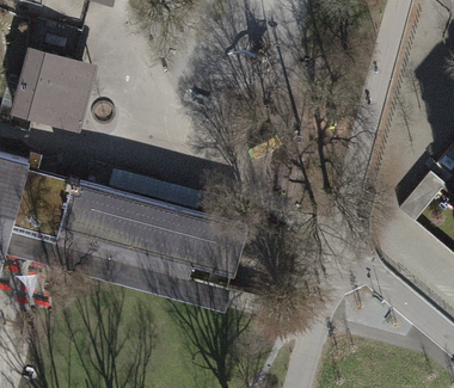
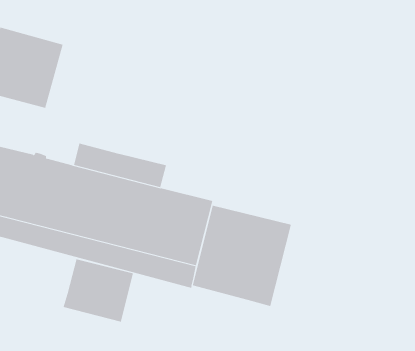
building: none -> [192,205,291,307]
building: none -> [63,259,134,322]

